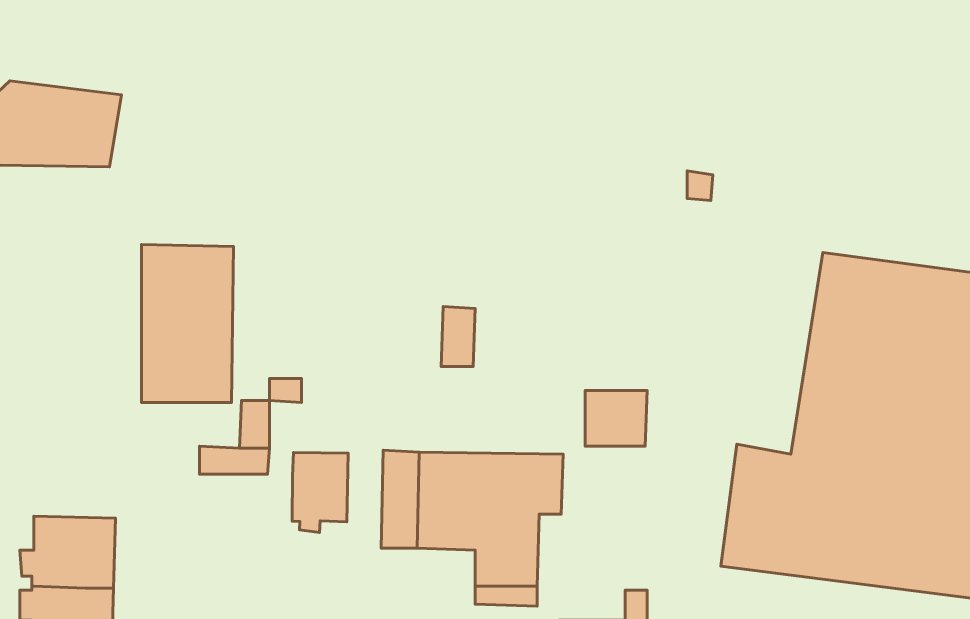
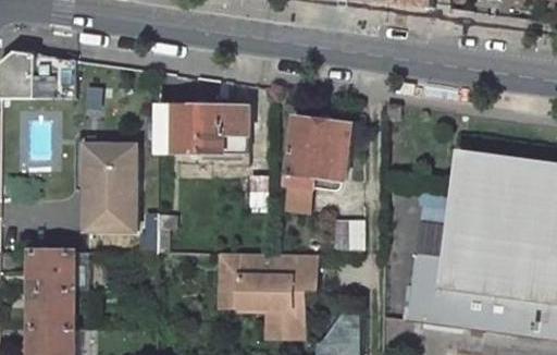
building: none -> [158,103,250,170]
building: none -> [290,118,354,191]
building: none -> [20,253,73,293]
building: [292,452,348,532] -> none

